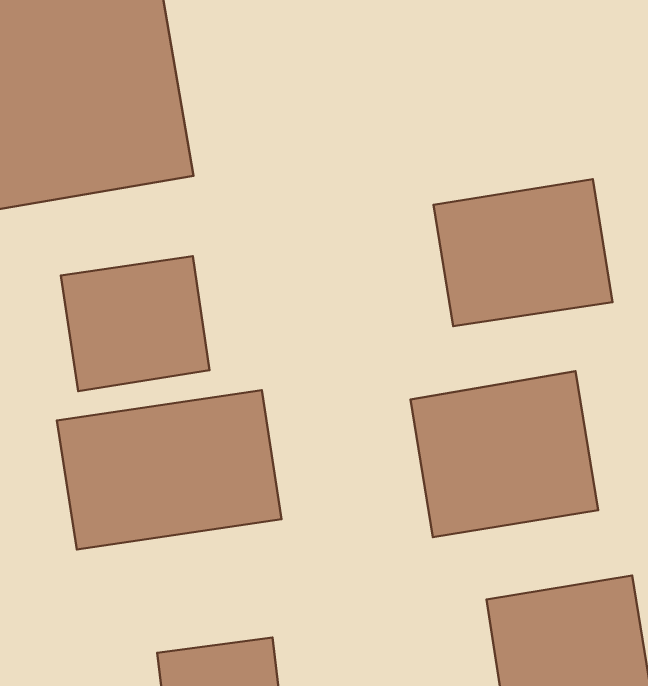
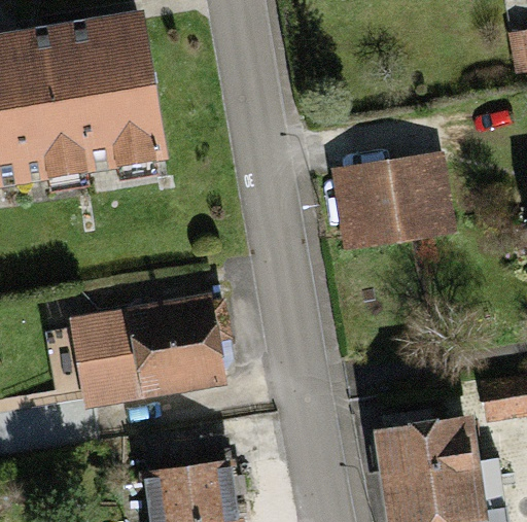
building: [61,256,210,391] -> none
building: [411,371,598,537] -> none

